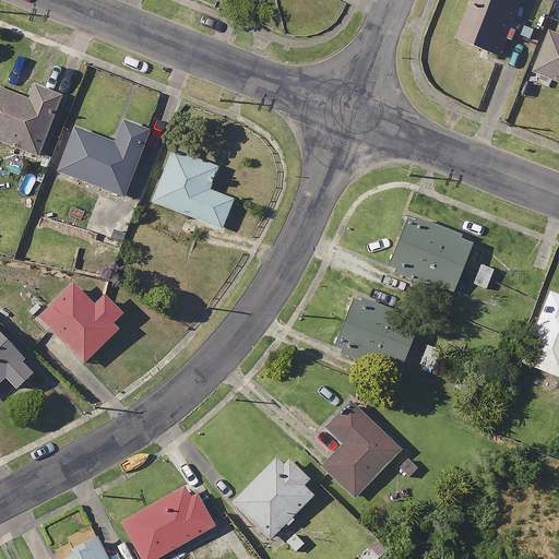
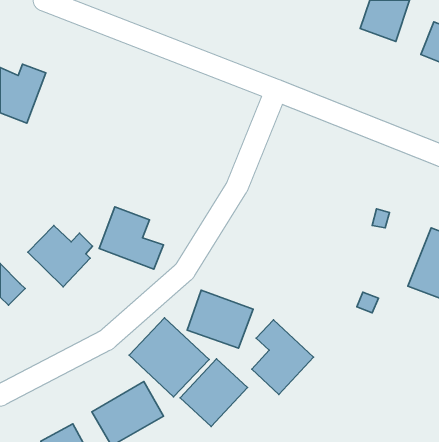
building: [57,117,150,195] -> none
building: [153,150,234,228] -> [99,207,163,269]
building: [388,216,472,292] -> none
building: [335,293,418,366] -> [187,290,253,348]
building: none -> [129,318,209,397]

